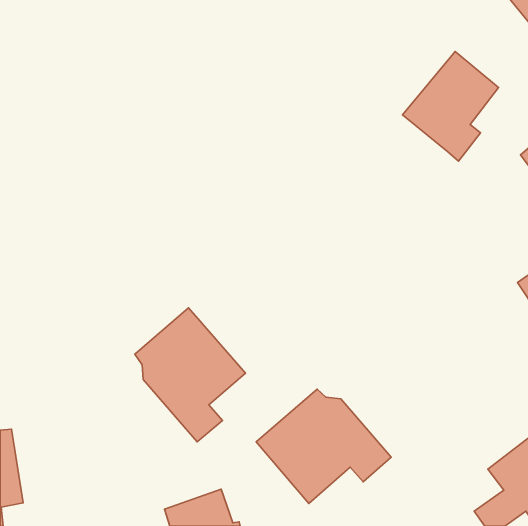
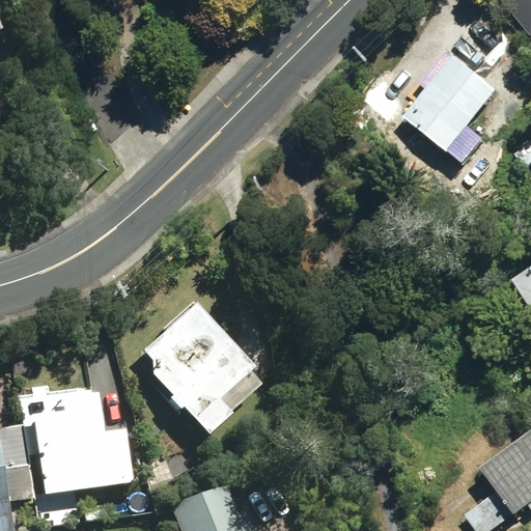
building: [256,389,391,503] -> none
building: none -> [32,404,132,496]

